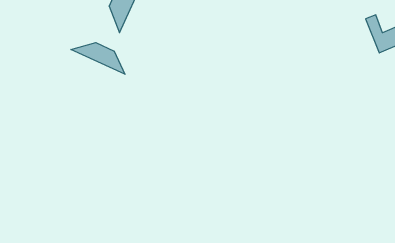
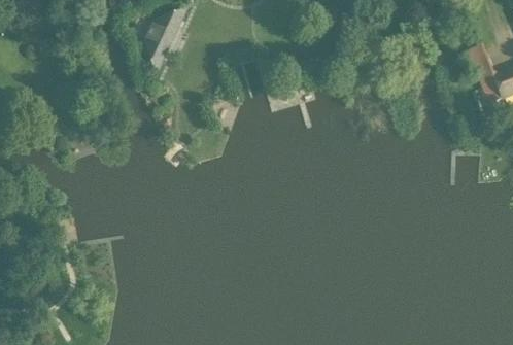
building: [71,43,125,74] -> none

